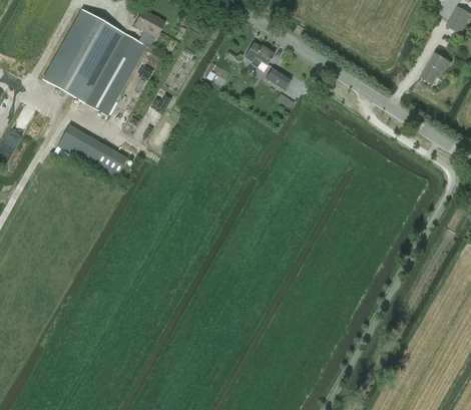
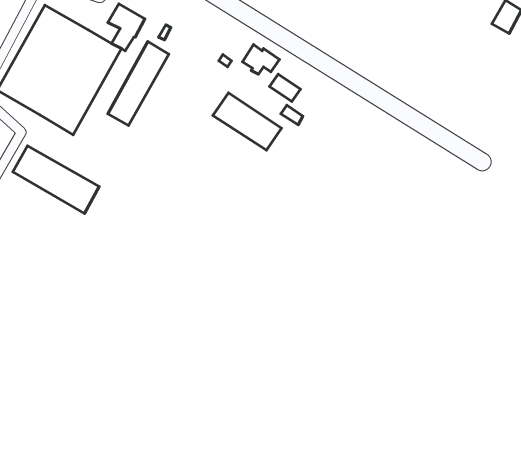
building: none -> [108,42,169,125]
building: [421,52,450,81] -> none
building: none -> [213,93,281,150]

